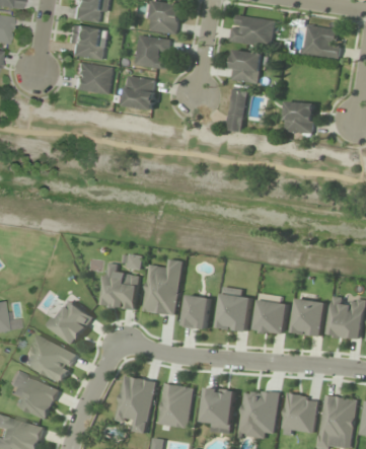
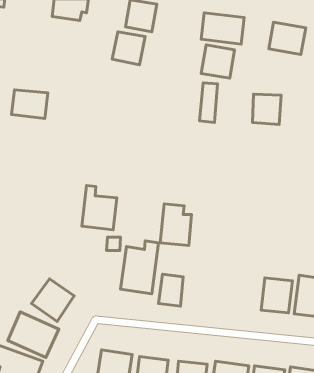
building: [68,26,108,60] -> none
building: [74,64,113,94] -> [12,90,48,118]
building: [123,76,157,111] -> none
building: [103,264,141,311] -> [82,185,117,230]
building: [219,288,252,332] -> [160,204,192,246]
building: [257,295,290,335] -> none

